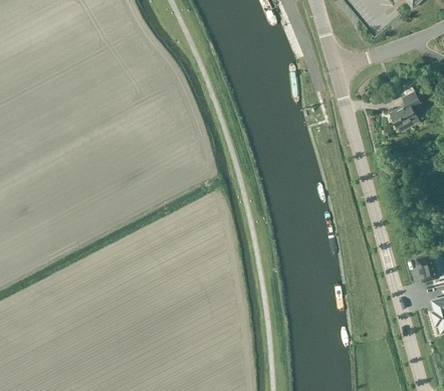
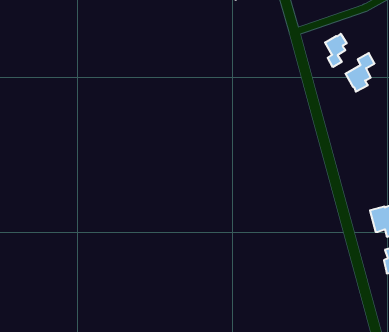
building: none -> [325,34,347,67]

